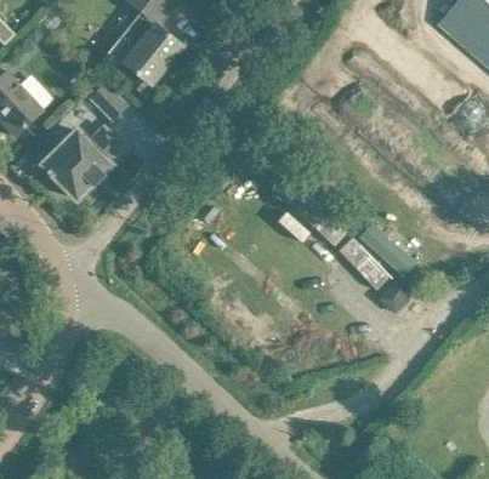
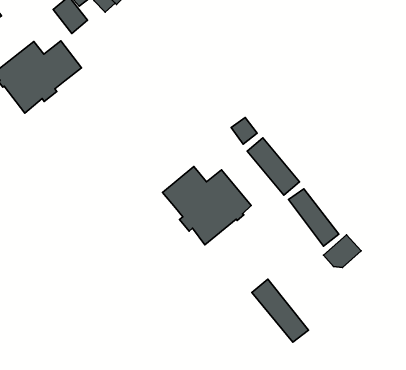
building: [357,218,415,275] -> [252,279,308,342]
building: none -> [163,167,251,245]

